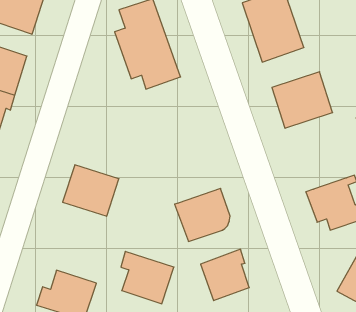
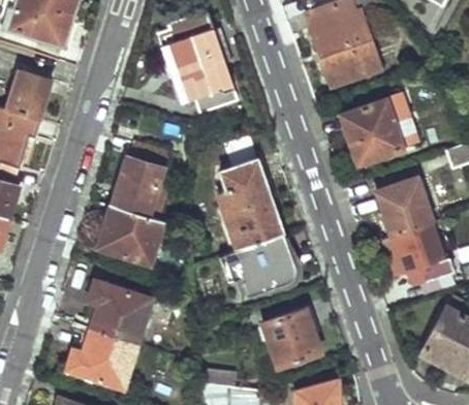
building: none -> [111,145,166,216]
building: none -> [221,159,284,250]
building: none -> [380,176,434,233]
building: [121,251,174,304] -> [88,283,151,345]

